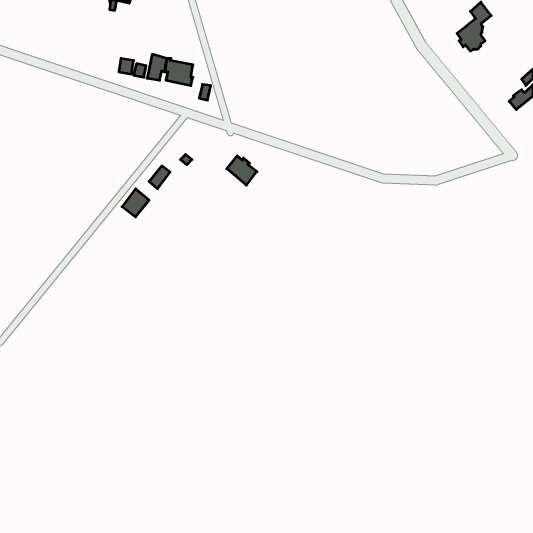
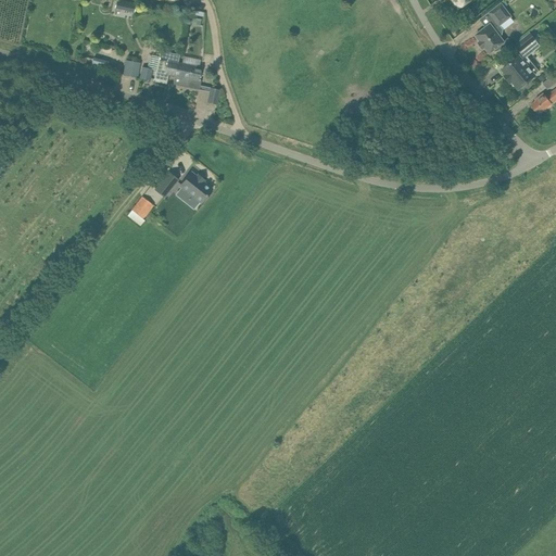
building: none -> [502,33,540,89]
building: [227,156,257,185] -> [180,173,212,203]

